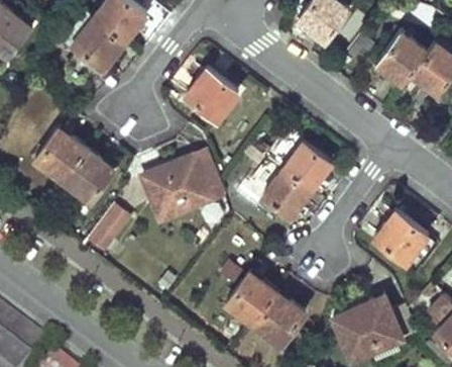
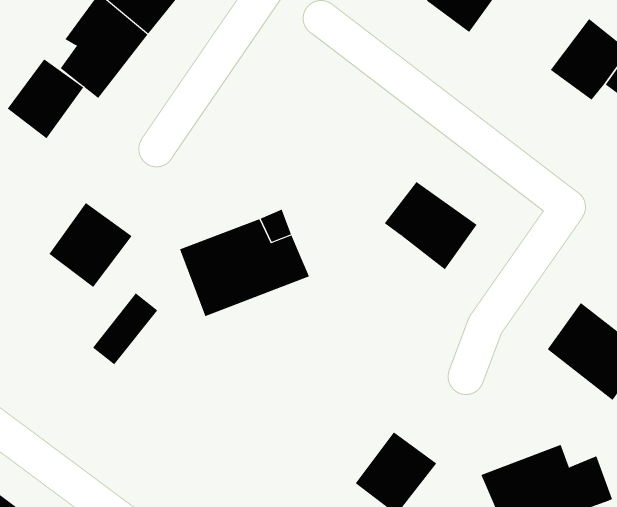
building: [186,68,238,118] -> none
building: [36,128,85,179] -> [7,59,84,139]
building: [255,168,310,220] -> none
building: [226,270,277,323] -> none

